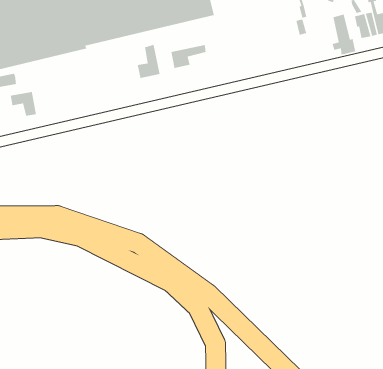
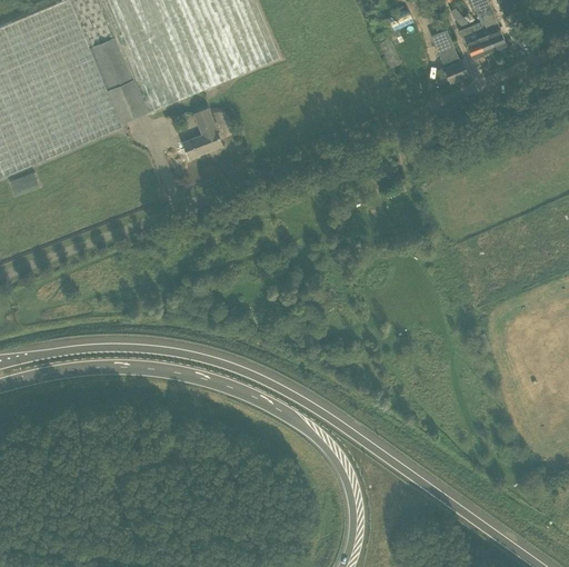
building: [171,44,207,69] -> none
building: [10,91,37,116] -> none

